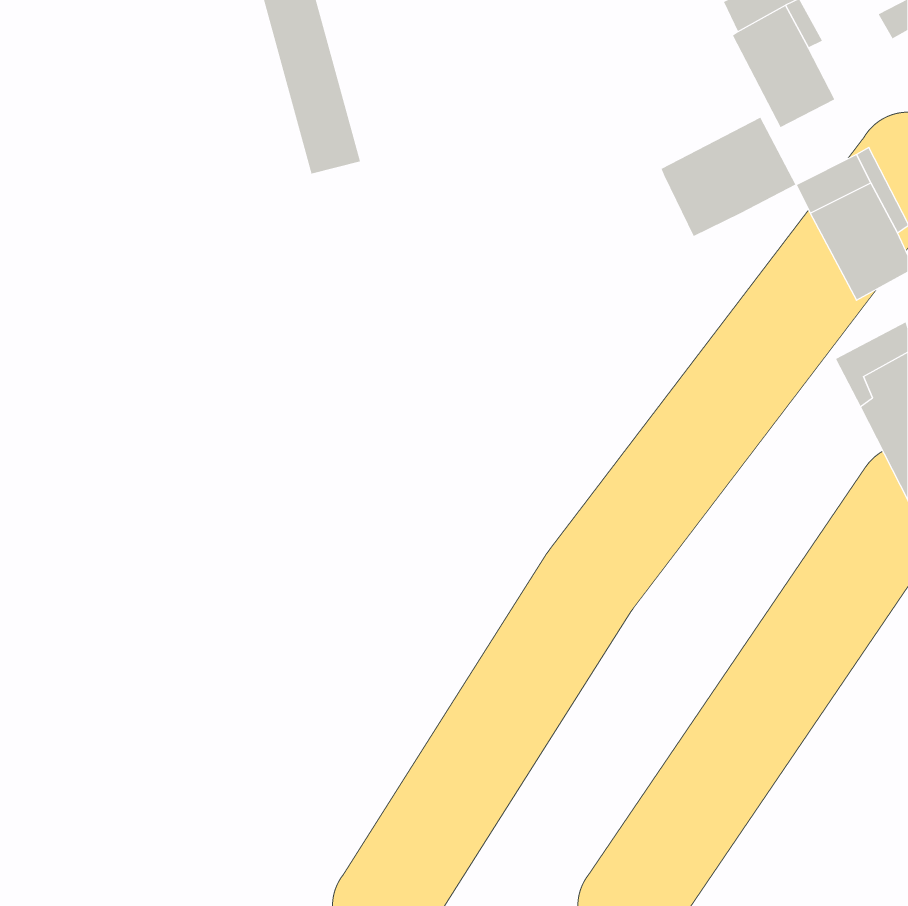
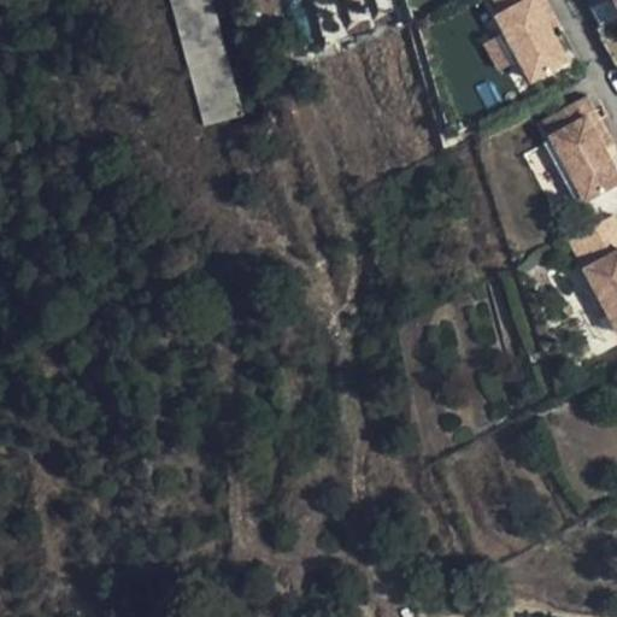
building: [661,117,796,237] -> none

